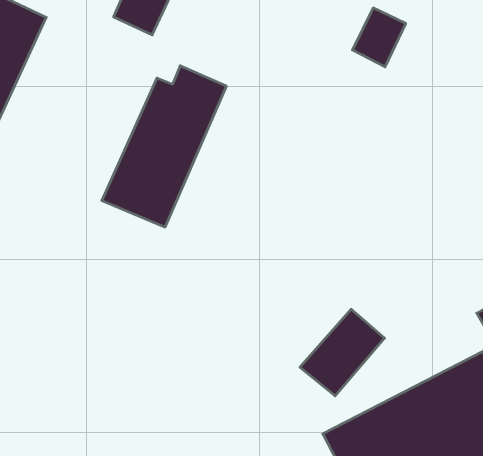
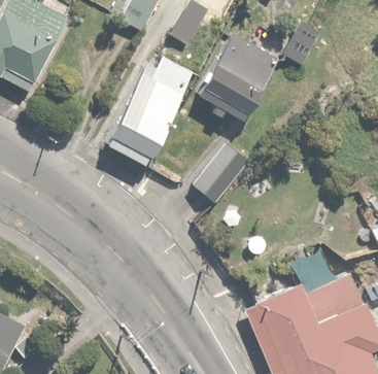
building: none -> [199,32,283,122]
building: [300,309,385,396] -> [190,148,249,207]

